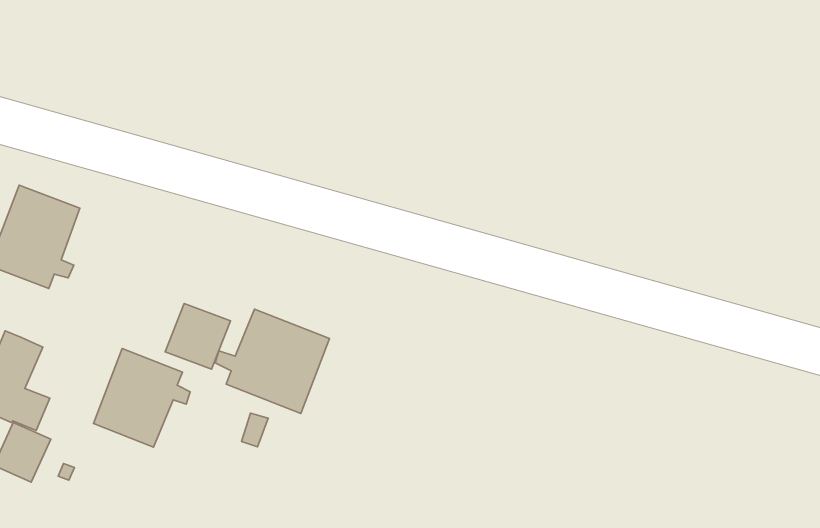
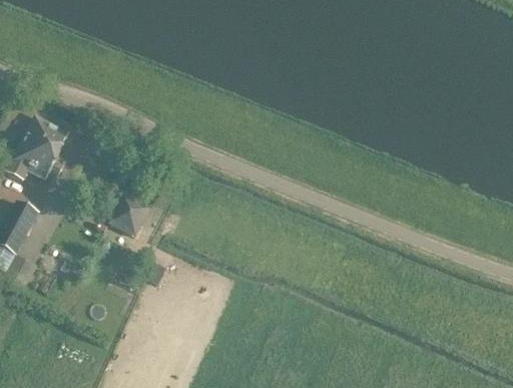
building: [215,309,329,414] -> none
building: [93,348,190,447] -> none

